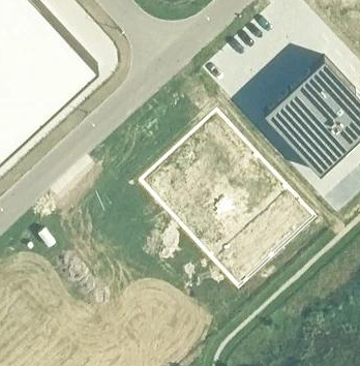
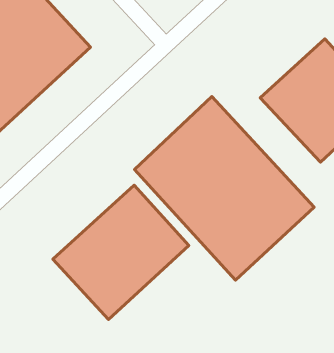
building: none -> [53,185,189,320]

